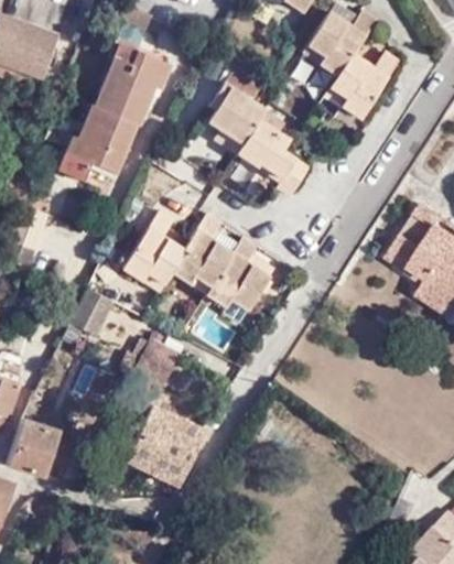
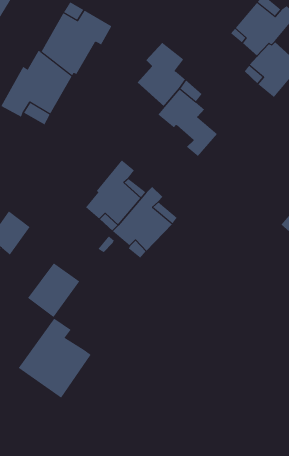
building: [126,215,184,284] -> none

